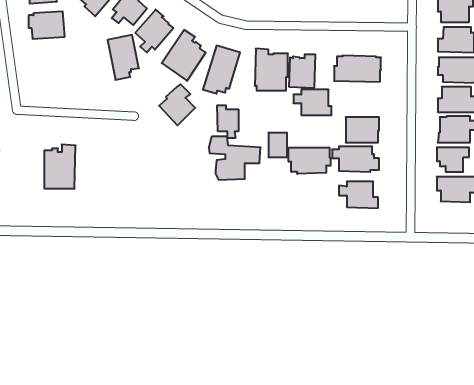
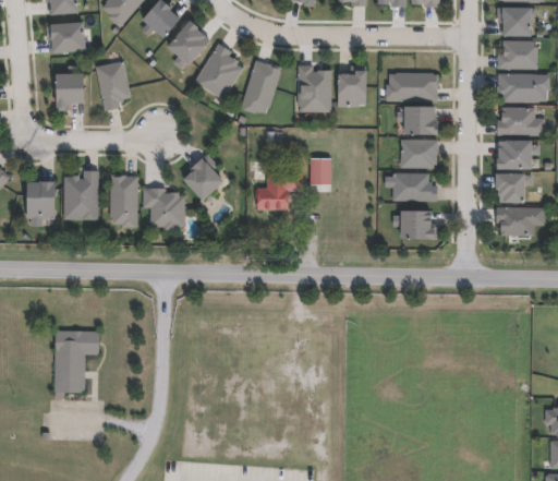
building: [108,35,139,80] -> [95,62,130,112]
building: none -> [52,72,80,110]
building: [159,84,195,125] -> [181,154,221,200]
building: [293,90,332,115] -> [392,106,435,134]
building: [217,105,238,138] -> none
building: none -> [108,173,136,227]
building: [289,148,330,174] -> none
building: none -> [31,180,59,226]
building: none -> [144,188,185,230]
building: none -> [52,332,99,398]

